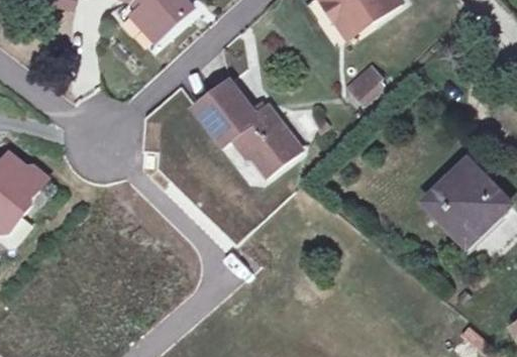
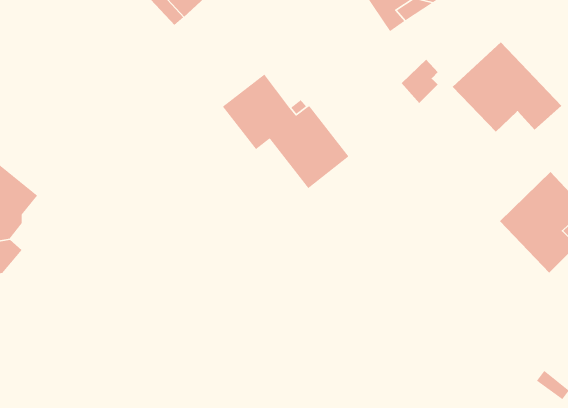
building: none -> [452,41,562,132]

